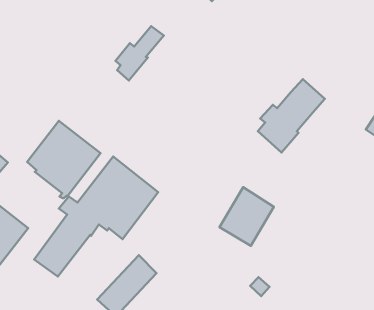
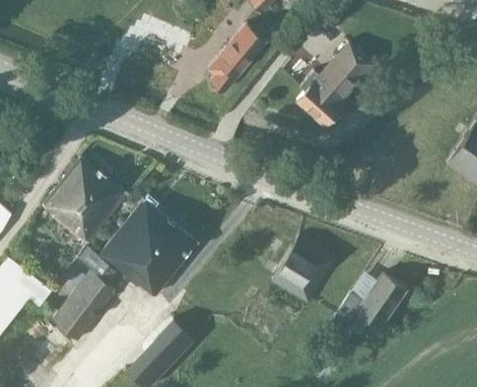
building: [115,26,164,81] -> [208,27,266,92]
building: [258,79,325,152] -> [295,41,376,128]
building: none -> [333,273,407,330]

